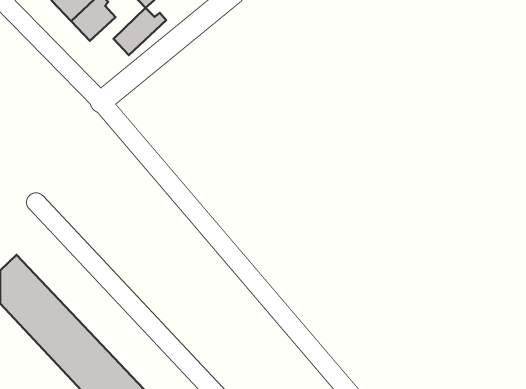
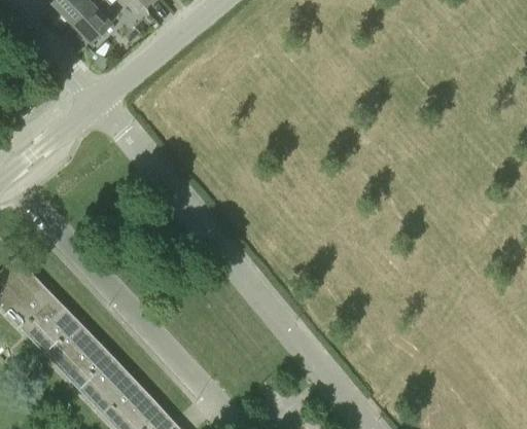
building: [113,8,166,55] -> none

